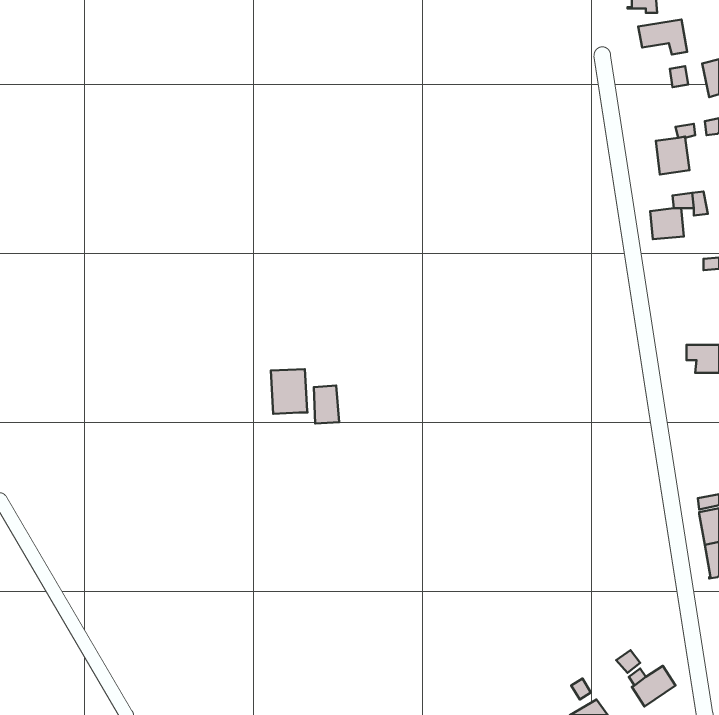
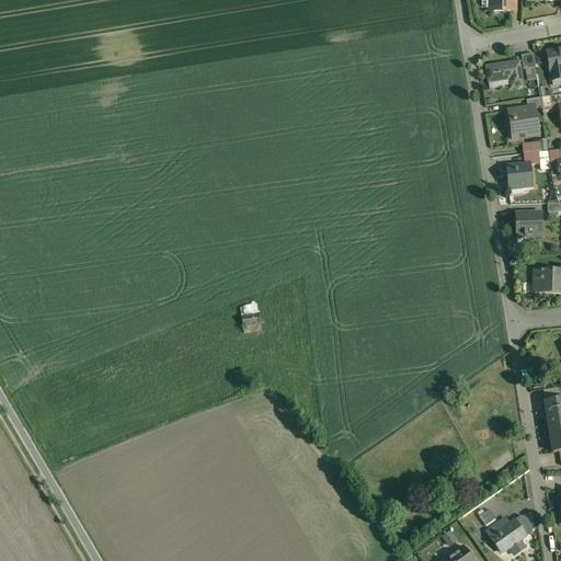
building: [638,19,687,55] -> [485,59,524,87]
building: none -> [515,210,542,234]
building: [271,369,308,414] -> none

